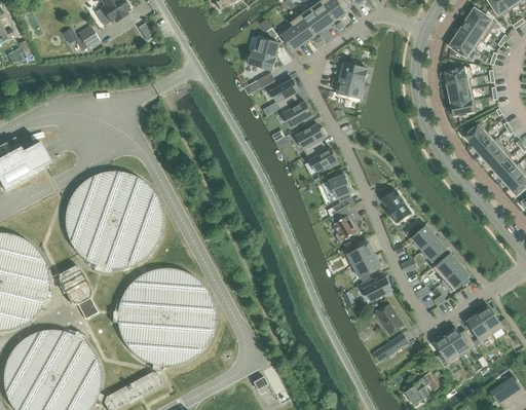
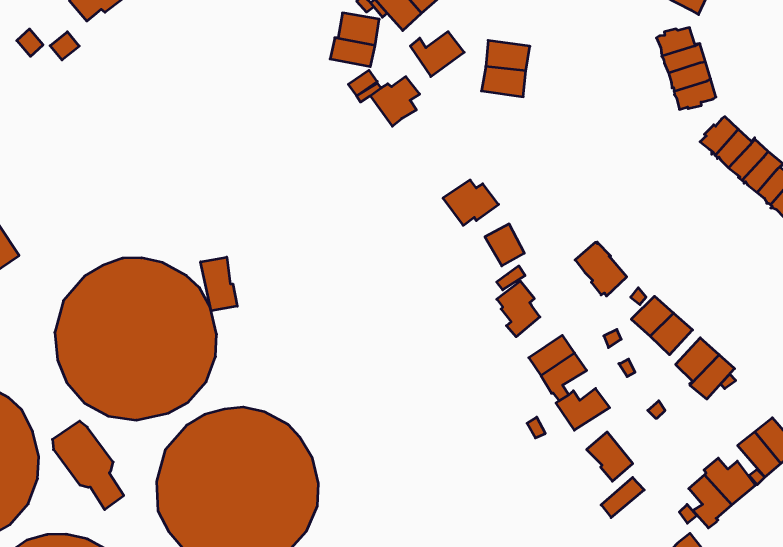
building: [280,102,312,127] -> [410,32,464,77]
building: [296,123,327,154] -> none
building: none -> [201,257,237,311]

